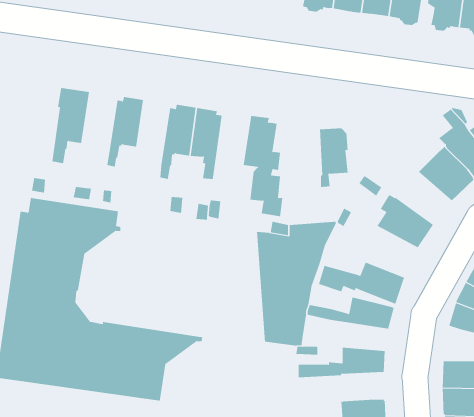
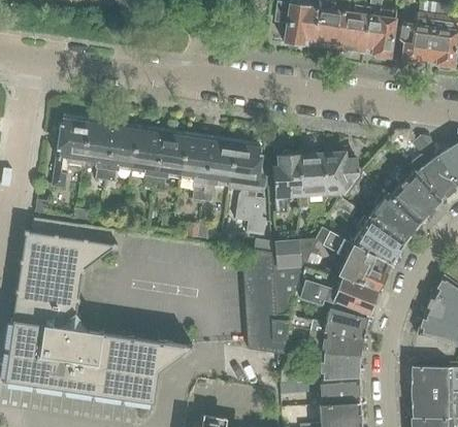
building: none -> [81,121,113,180]
building: none -> [132,128,162,188]
building: none -> [202,139,236,202]
building: none -> [273,151,301,212]
building: none -> [324,154,362,195]
building: none -> [368,189,421,242]
building: none -> [335,237,390,291]
building: none -> [307,330,363,358]
building: none -> [280,377,359,404]

